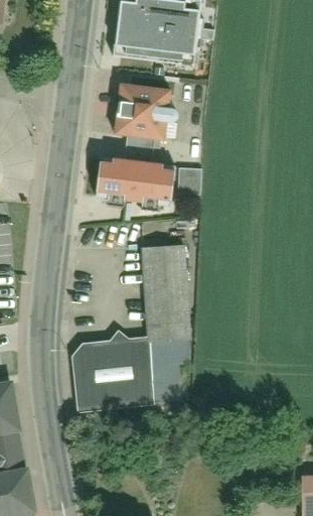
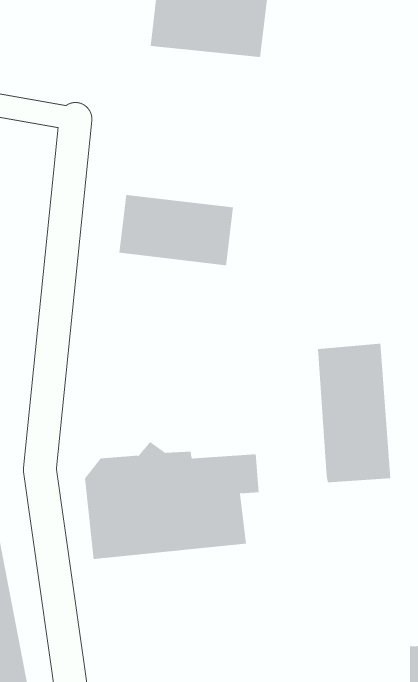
building: [113,81,172,138] -> none
building: [140,242,192,341] -> [317,343,391,483]

